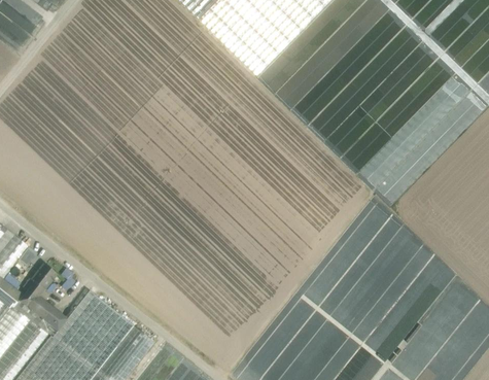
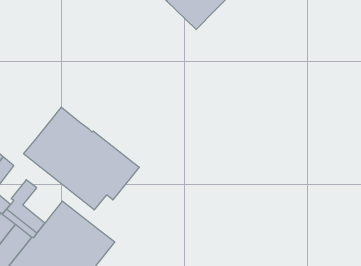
building: none -> [24,107,139,210]

